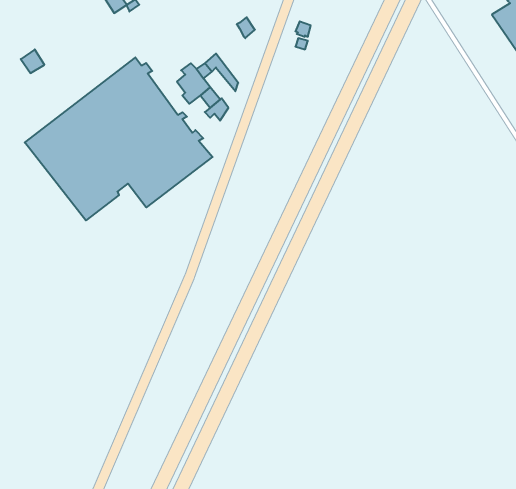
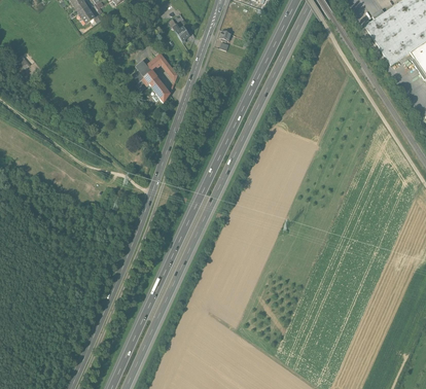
building: [25,57,213,220] -> none

